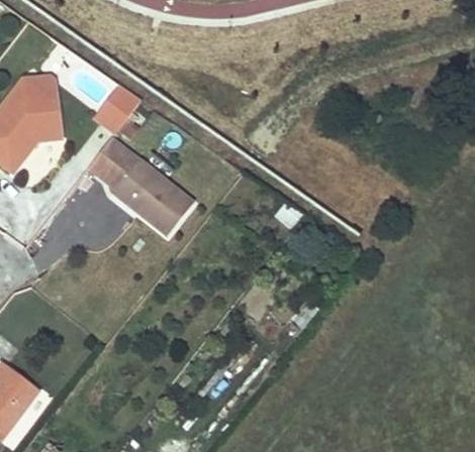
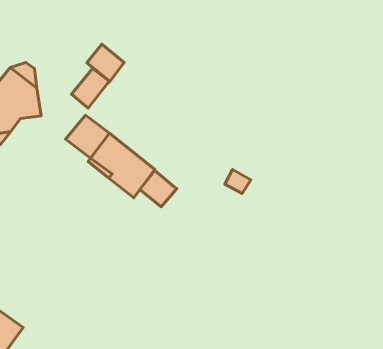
building: none -> [87,44,124,82]
building: none -> [140,171,177,207]

